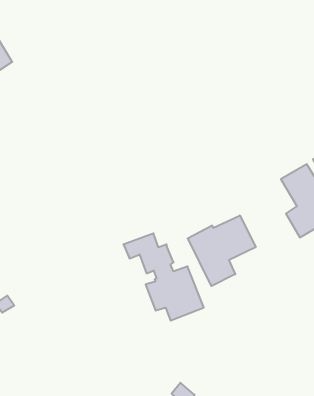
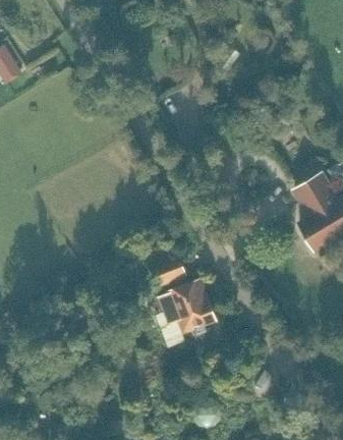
building: [188,215,256,286] -> none

